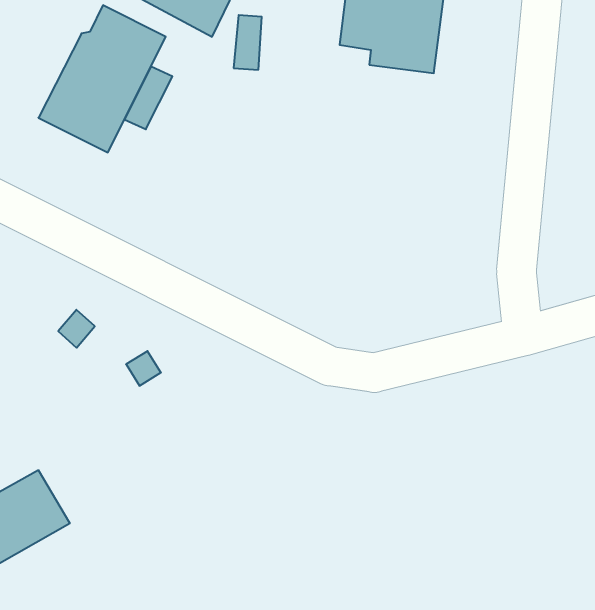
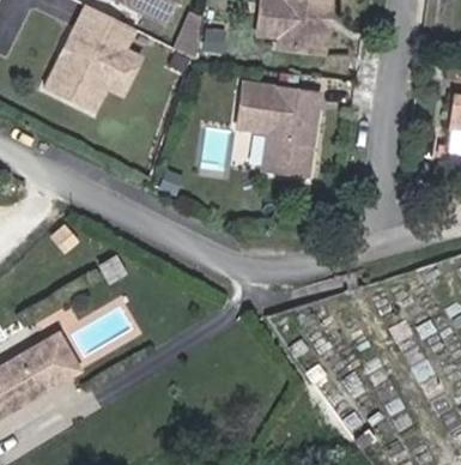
building: none -> [237,79,319,174]

